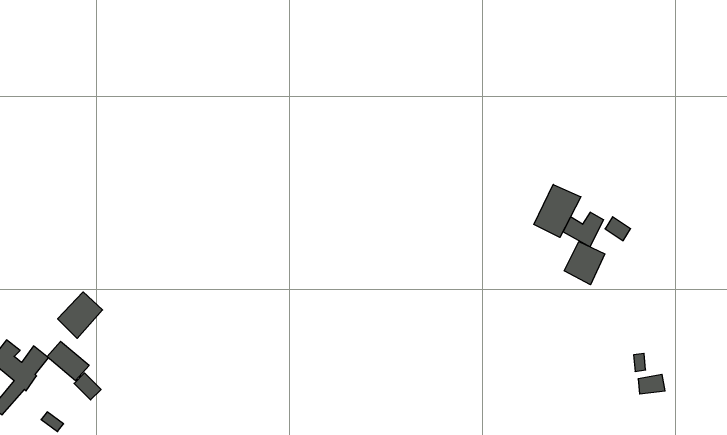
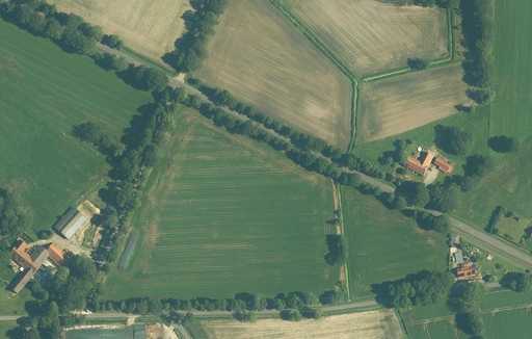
building: [534,184,581,237] -> none
building: [564,242,605,285] -> none

